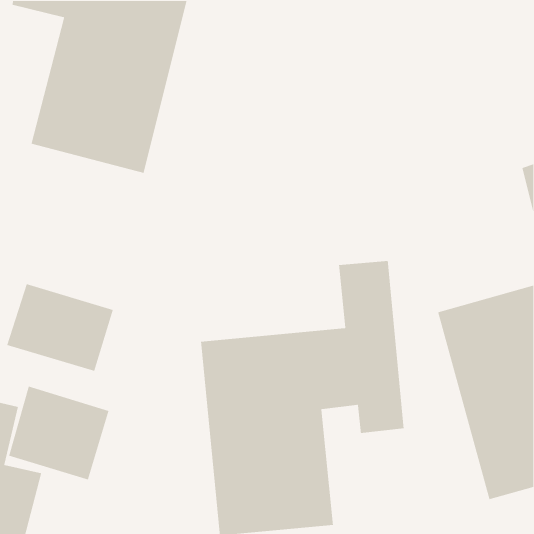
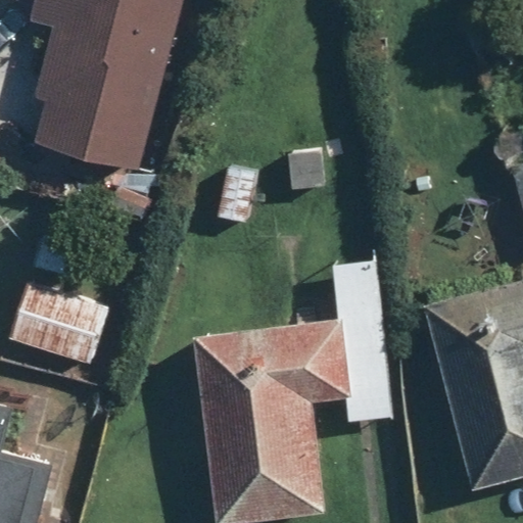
building: [8,386,109,480] -> none

